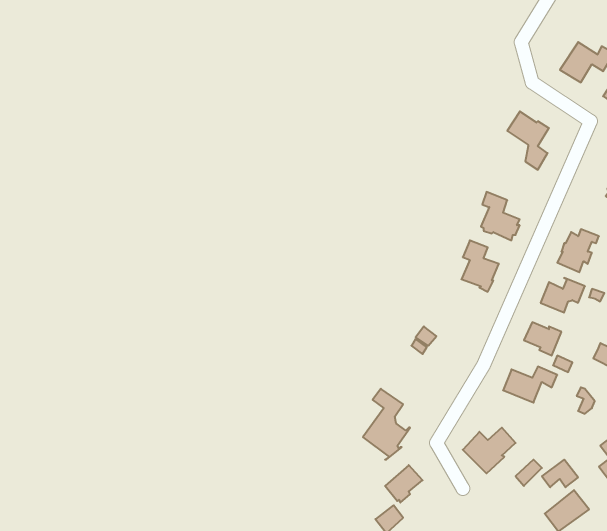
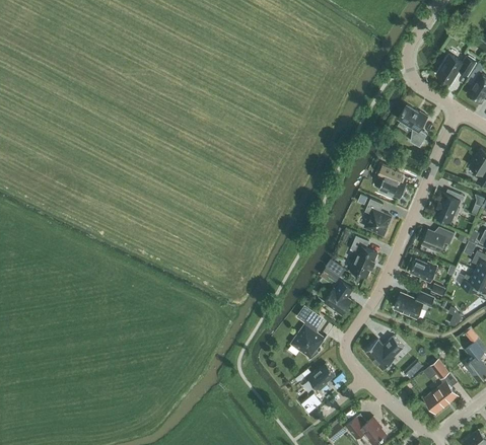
building: none -> [350,235,377,277]
building: none -> [325,281,352,314]

